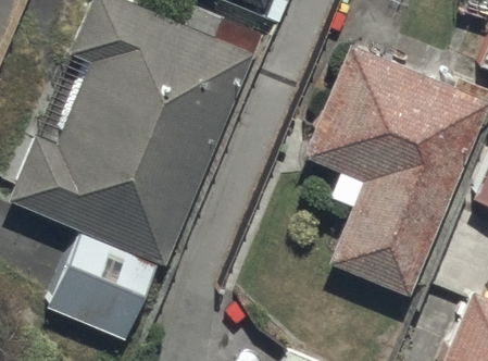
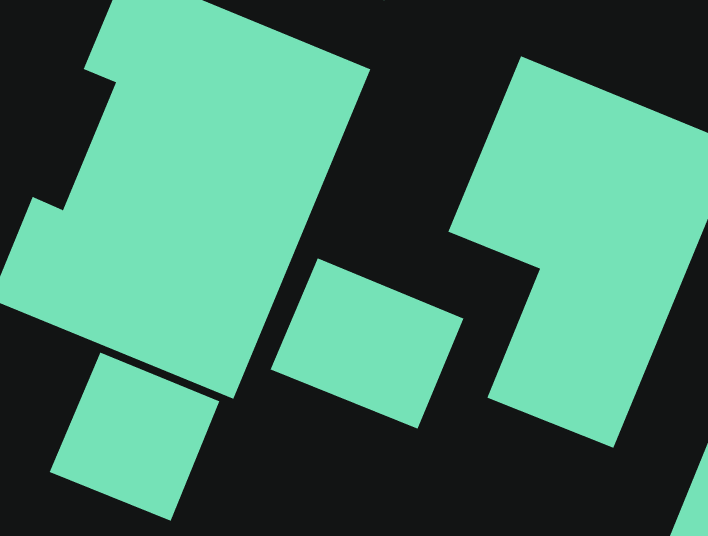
building: none -> [270,257,464,430]

